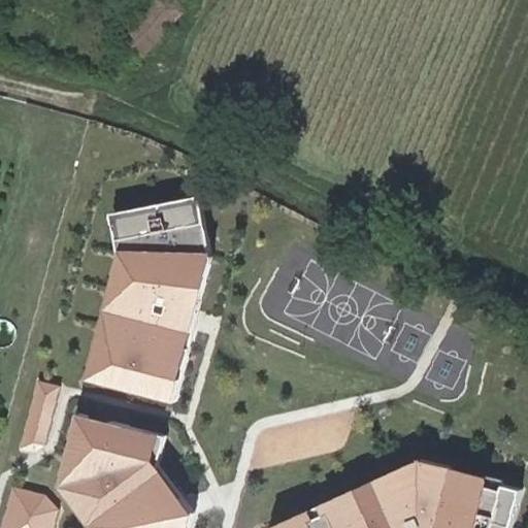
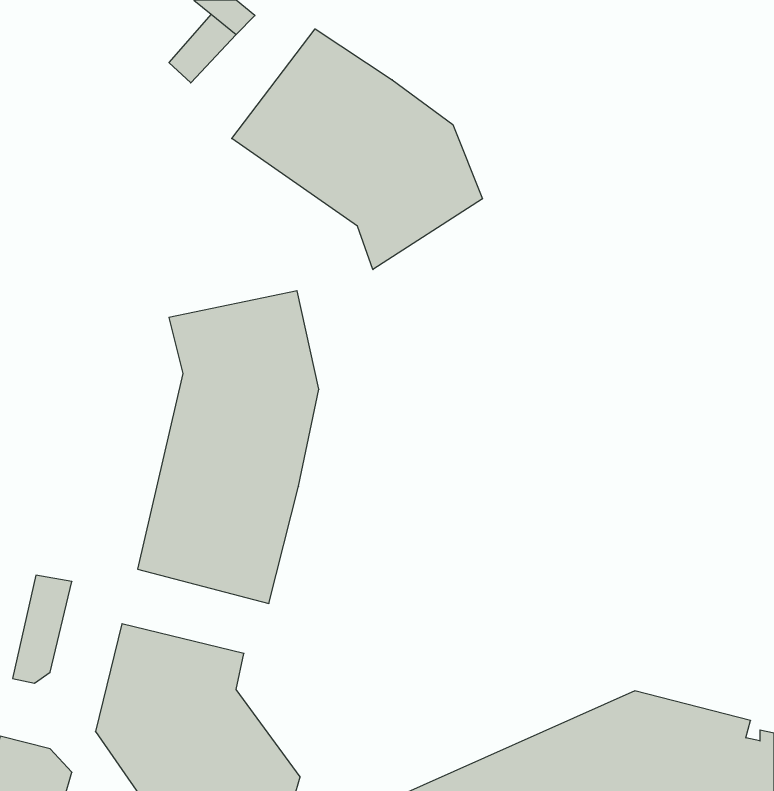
building: none -> [232,29,482,270]

